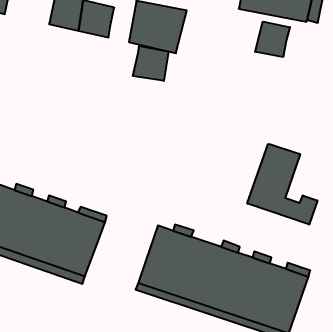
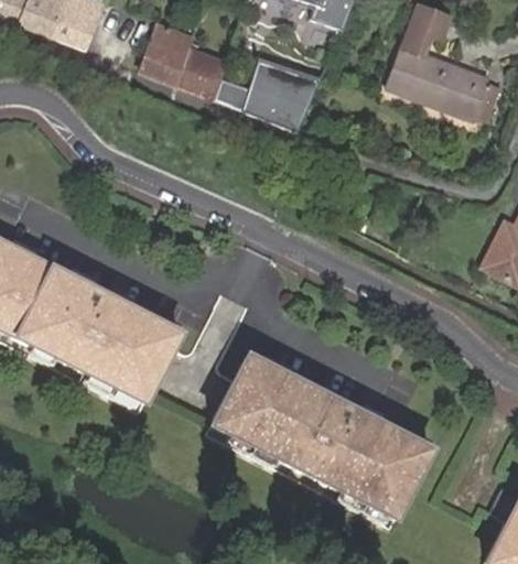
building: [255,22,290,57] -> none
building: [133,46,169,81] -> none
building: [247,144,317,225] -> none

